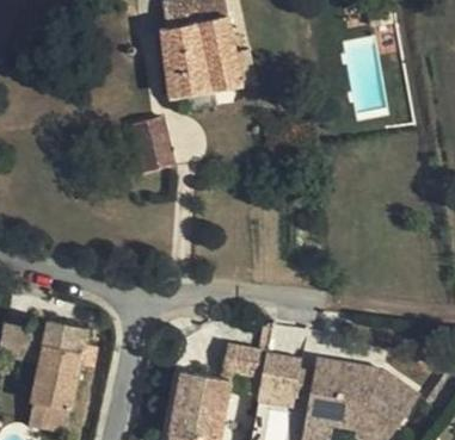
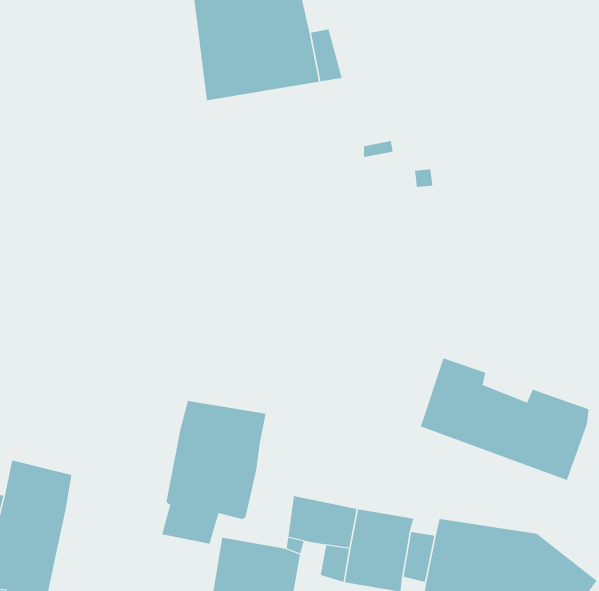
building: [131,118,172,171] -> none
building: none -> [420,357,589,481]
building: none -> [162,400,266,544]

